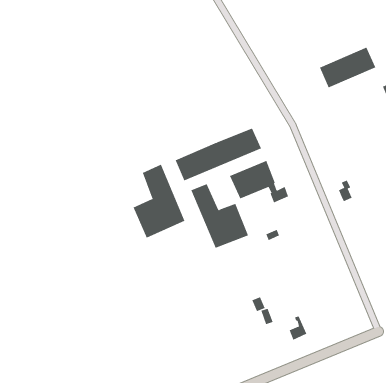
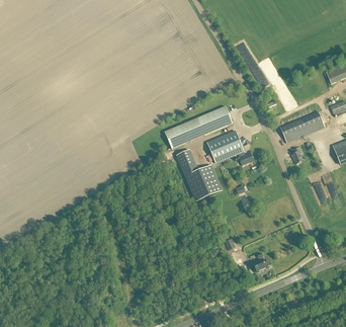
building: [319,47,376,88] -> [279,110,324,143]
building: [133,164,185,238] -> none

